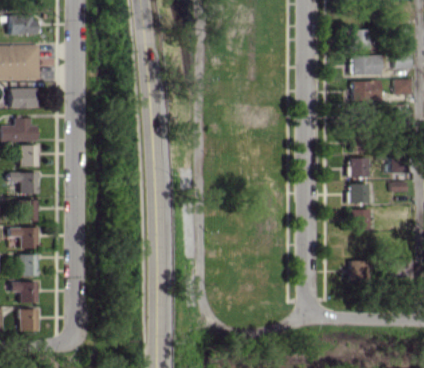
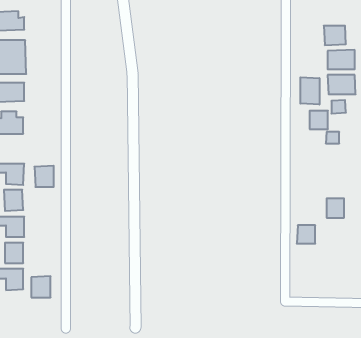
building: none -> [300,77,319,105]
building: [18,144,38,166] -> [34,166,54,187]
building: [349,158,368,177] -> [310,111,328,129]
building: [349,183,368,202] -> none
building: [349,260,368,279] -> [297,225,315,244]
building: [18,308,38,330] -> [31,276,51,297]

